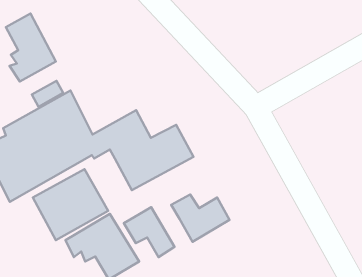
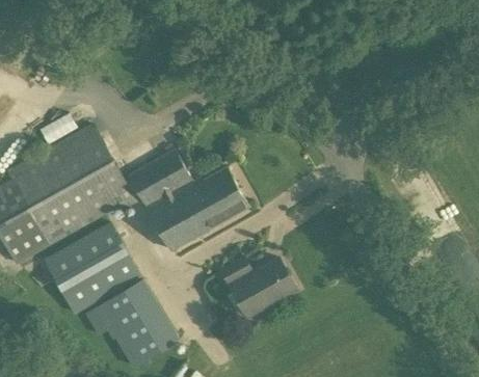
building: [6,14,56,81] -> none
building: [124,207,174,257] -> none

